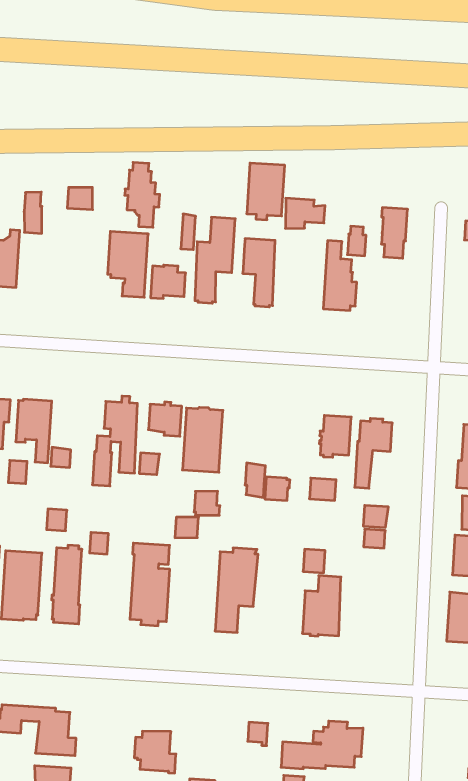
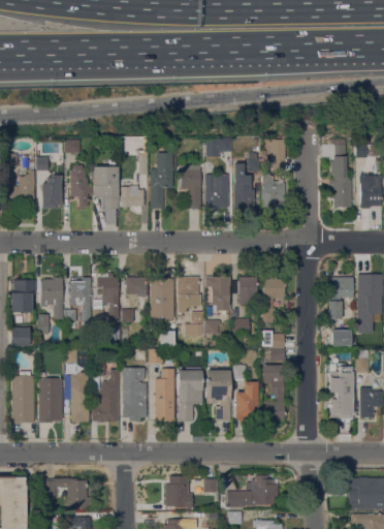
building: [125,162,160,227] -> [68,165,91,207]
building: [247,163,285,220] -> [205,175,228,211]
building: none -> [41,175,62,209]
building: none -> [261,168,285,208]
building: none -> [70,277,91,311]
building: none -> [177,273,198,306]
building: none -> [204,276,230,316]
building: none -> [92,370,119,423]
building: none -> [154,368,173,421]
building: none -> [262,365,285,415]
building: none -> [206,370,230,421]
building: [134,731,176,773] -> [165,478,192,505]

